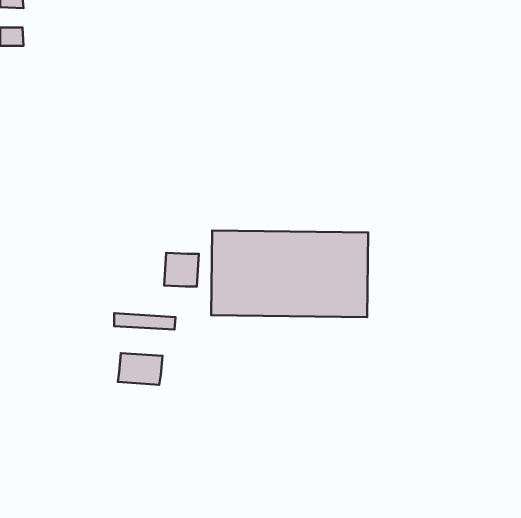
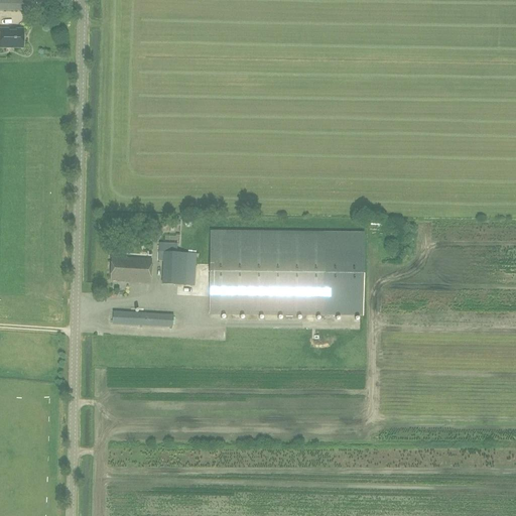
building: none -> [110,254,151,281]
building: [118,353,162,385] -> none

